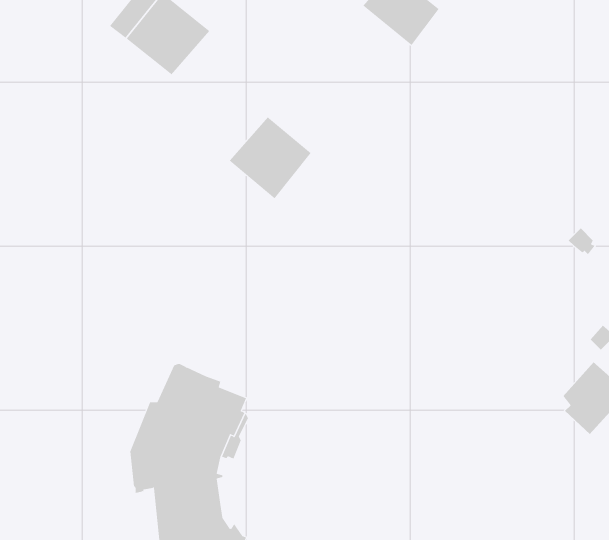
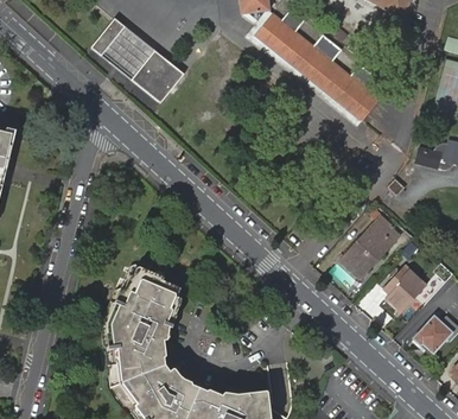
building: none -> [287,37,380,120]
building: [229,117,311,199] -> [132,51,185,104]
building: none -> [342,215,400,278]

